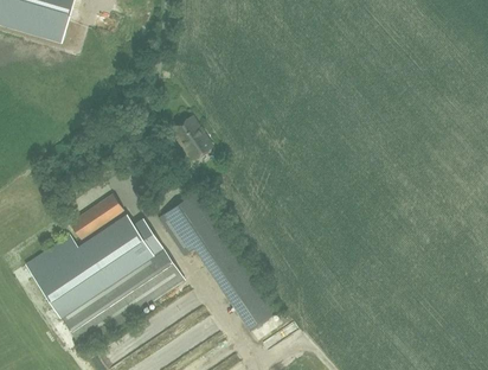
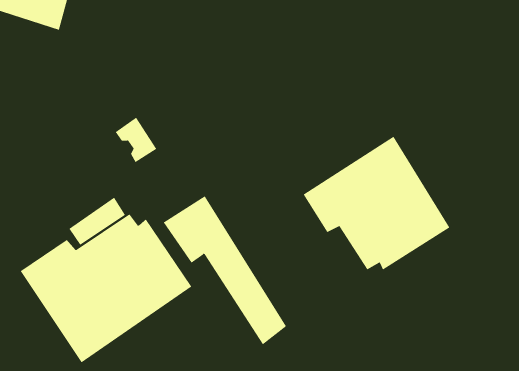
building: [171,117,210,160] -> [115,117,157,163]
building: none -> [303,136,450,270]

